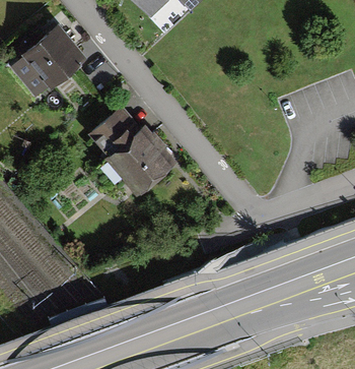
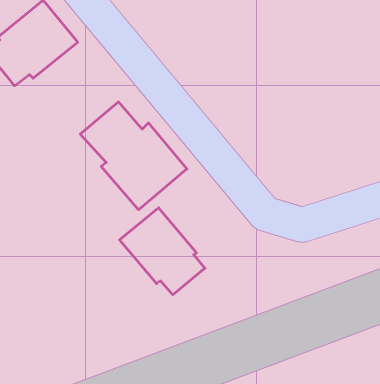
building: none -> [120,208,205,295]

